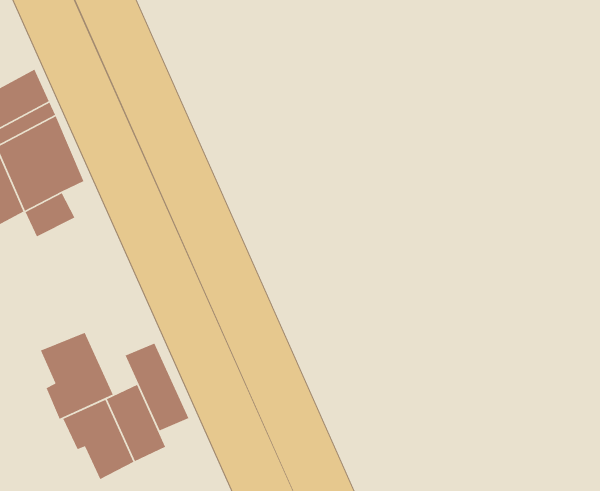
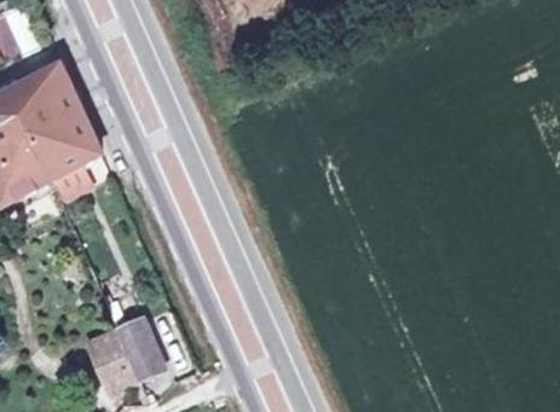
building: [40,332,114,420] -> none
building: [125,342,189,431] -> none

